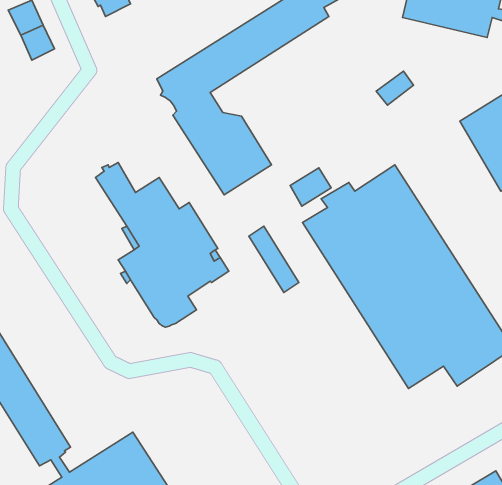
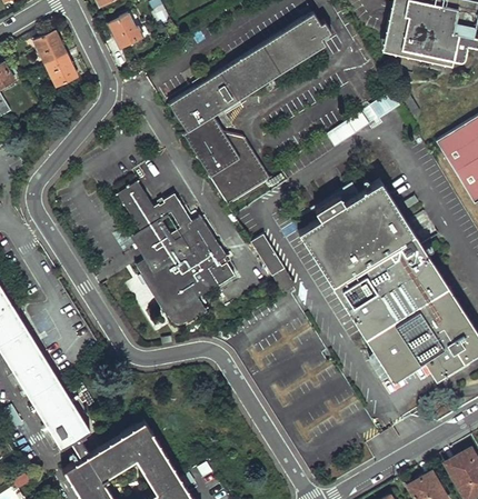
building: [290,168,331,206] -> none

